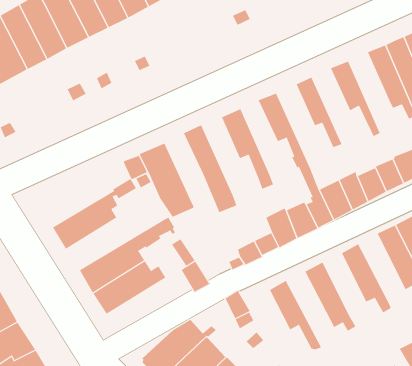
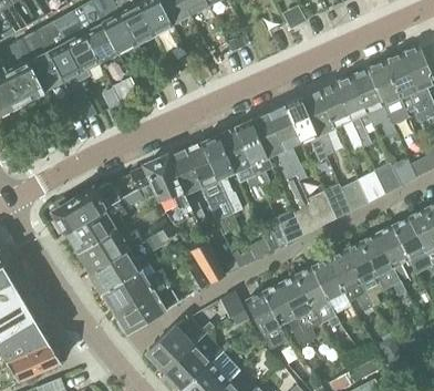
building: none -> [333,75,371,148]
building: none -> [300,90,334,156]
building: none -> [268,104,308,181]
building: none -> [236,119,272,186]
building: none -> [200,134,244,214]
building: none -> [167,148,208,226]
building: none -> [53,183,121,234]
building: none -> [78,218,169,272]
building: none -> [189,231,226,284]
building: none -> [342,239,384,303]
building: none -> [310,257,350,313]
building: none -> [277,274,320,342]
building: none -> [114,279,179,333]
building: none -> [245,290,287,350]

